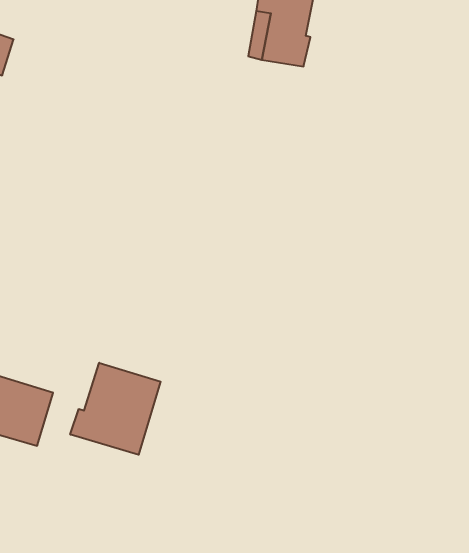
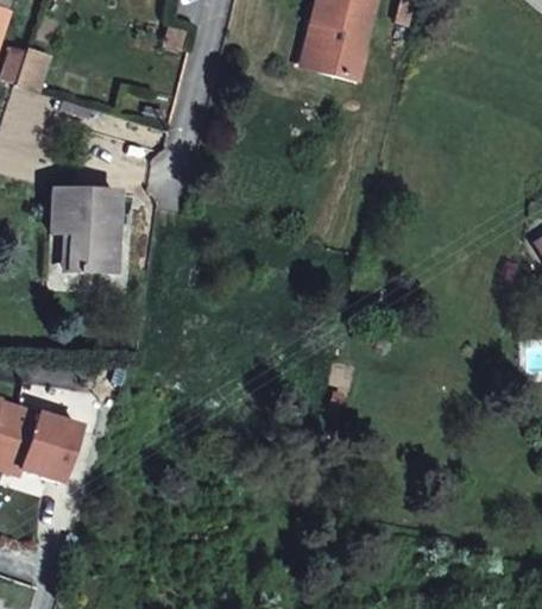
building: none -> [51,195,115,274]
building: [70,363,161,455] -> none

